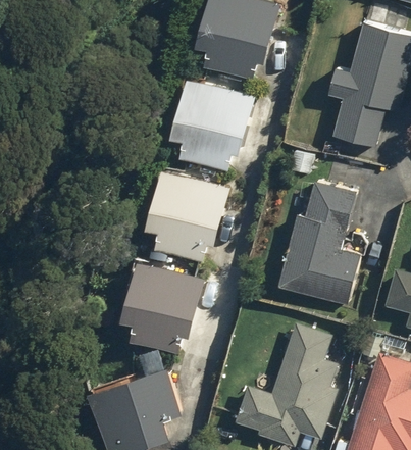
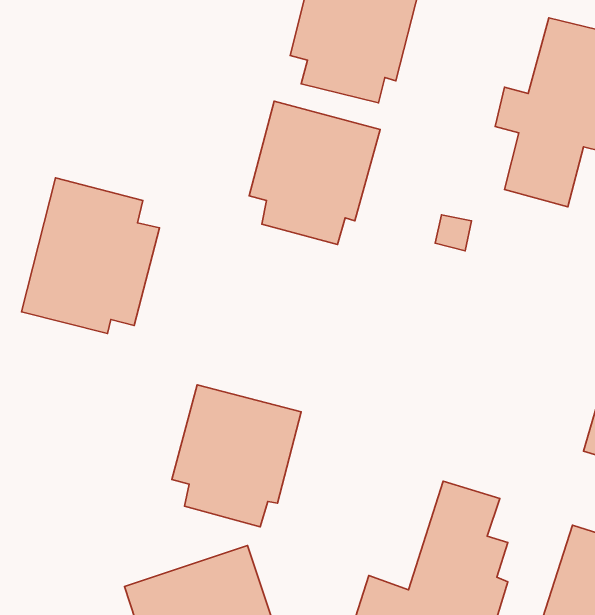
building: none -> [22,178,159,334]
building: [145,169,228,261] -> none
building: [276,182,358,304] -> none

